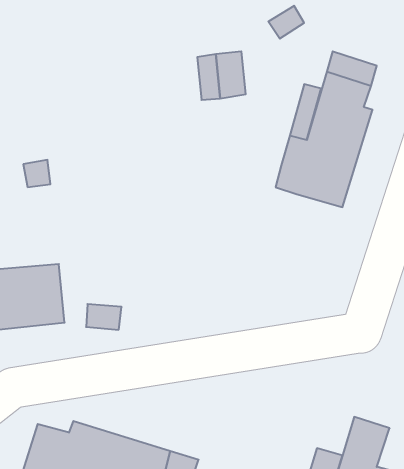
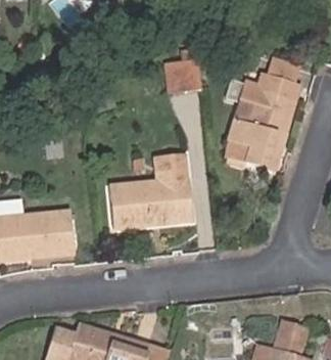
building: none -> [110,154,193,227]

